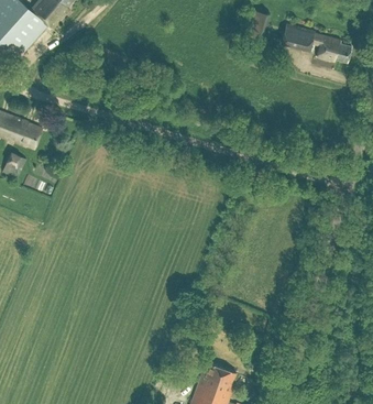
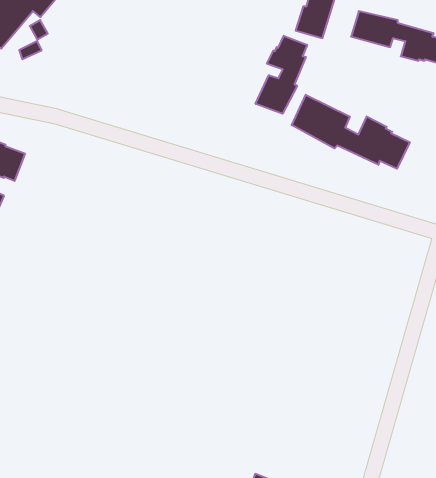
building: none -> [256,36,307,114]
building: none -> [292,95,410,169]

